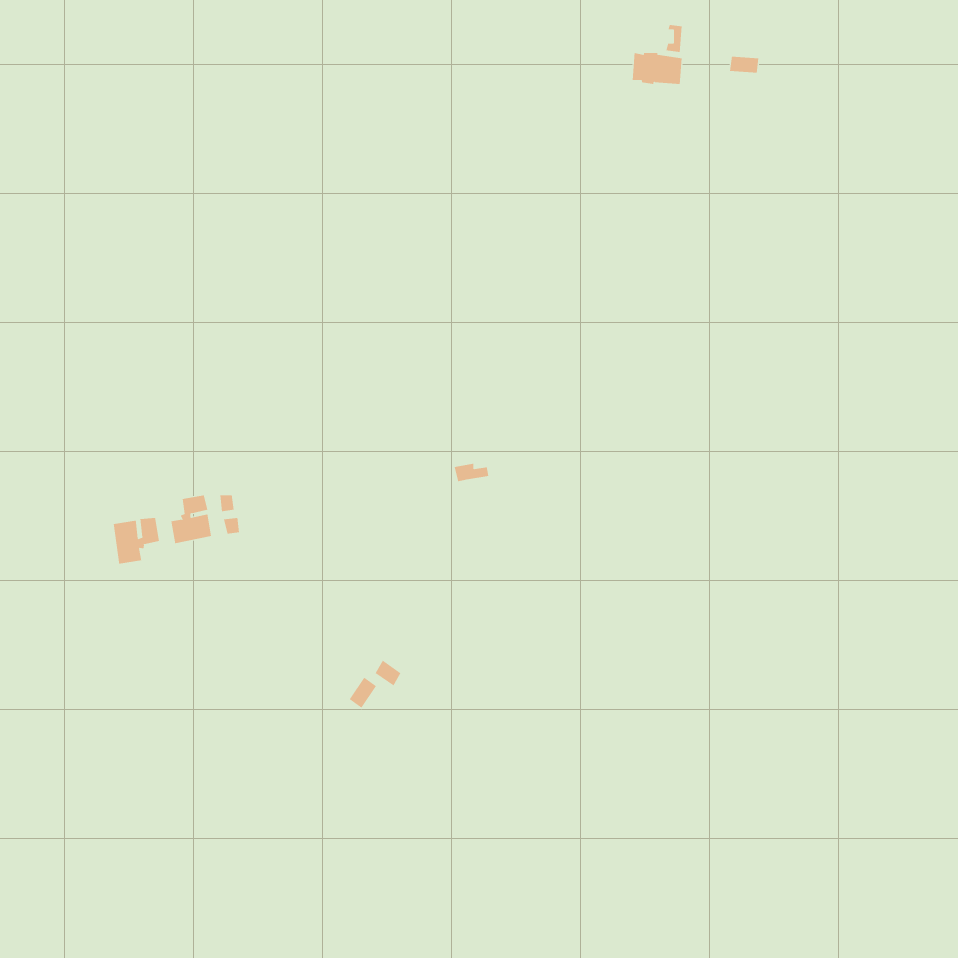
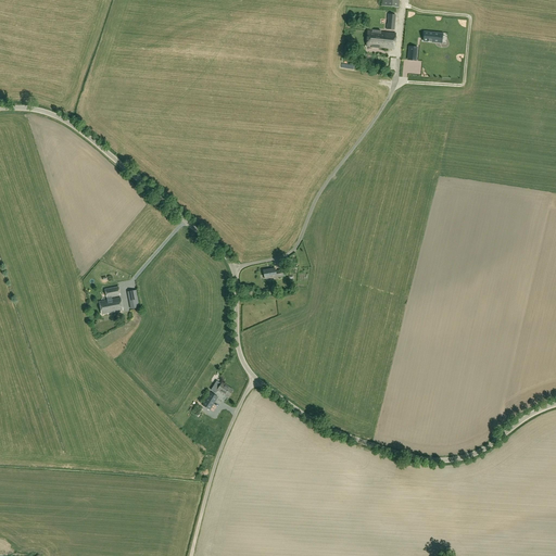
building: [113,517,160,565] -> none

